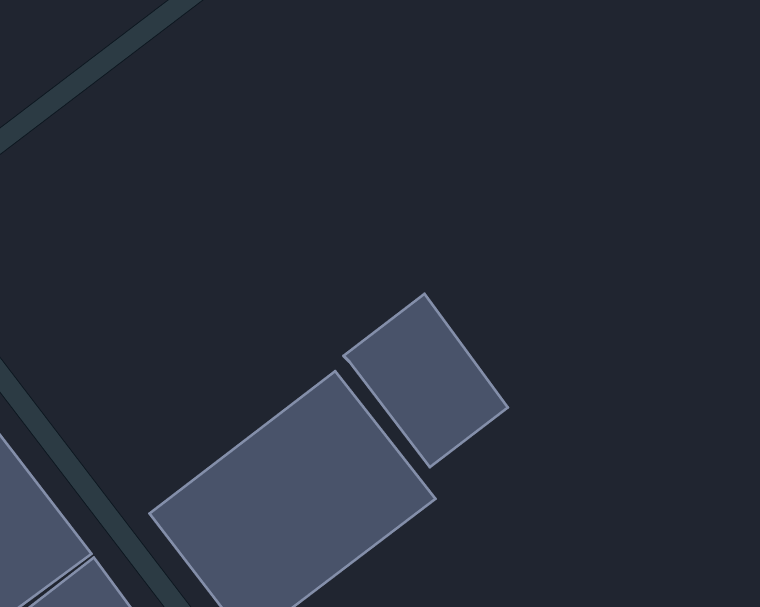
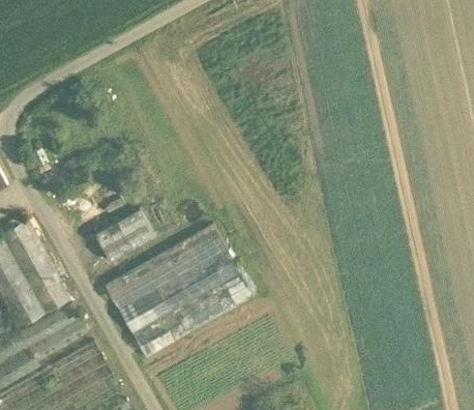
building: [343,294,508,467] -> none
building: none -> [94,208,154,262]

